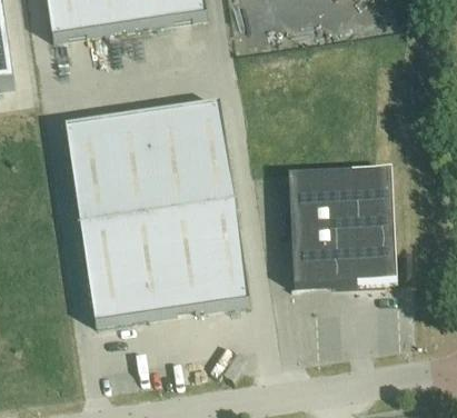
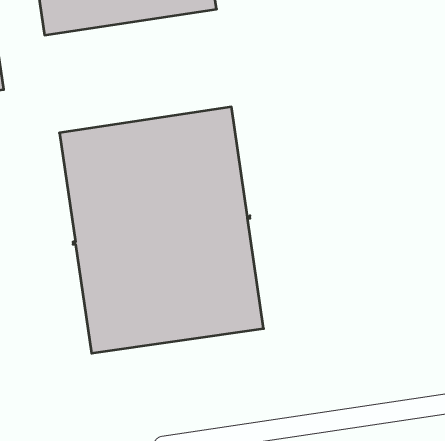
building: [287,166,395,283] -> none

